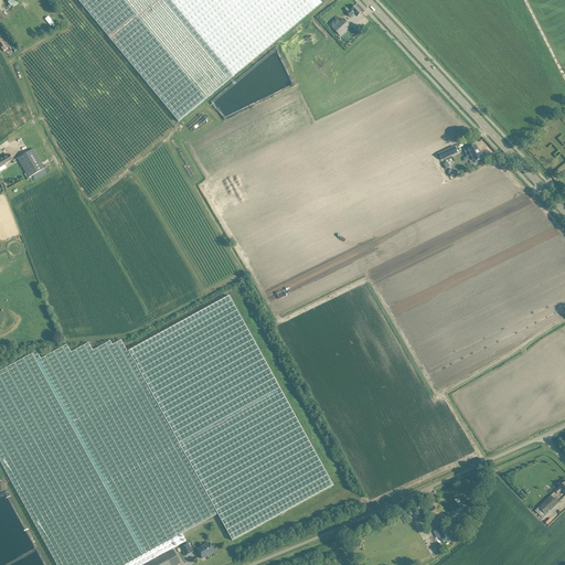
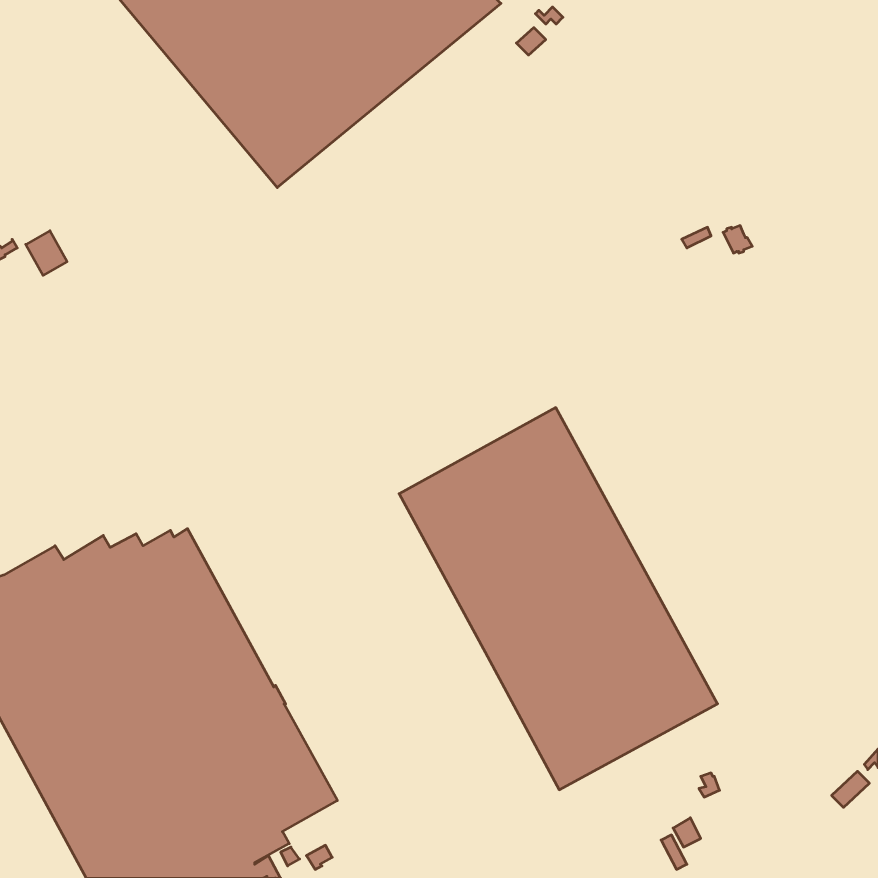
building: [128,295,332,540] -> [399,408,718,790]

